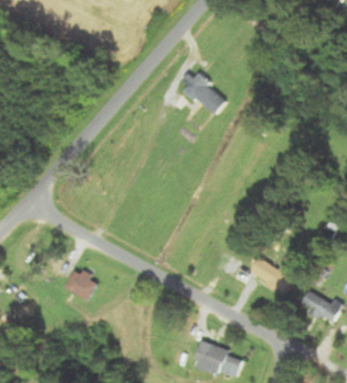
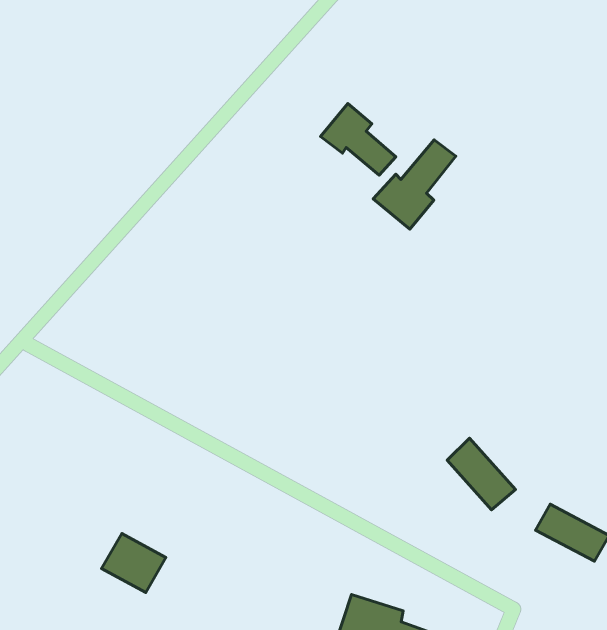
building: none -> [373,140,456,229]
building: [63,268,98,300] -> [102,534,166,592]

